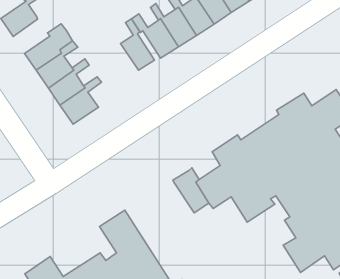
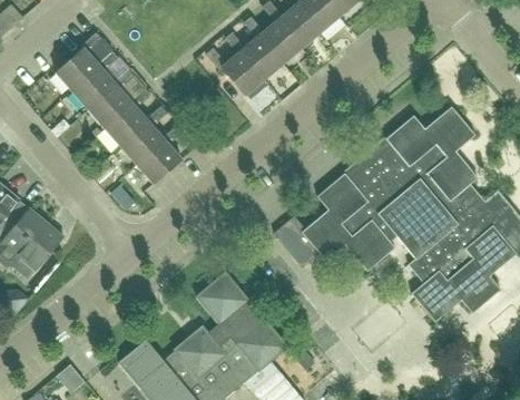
building: none -> [71,51,115,108]
building: [121,19,154,70] -> none

